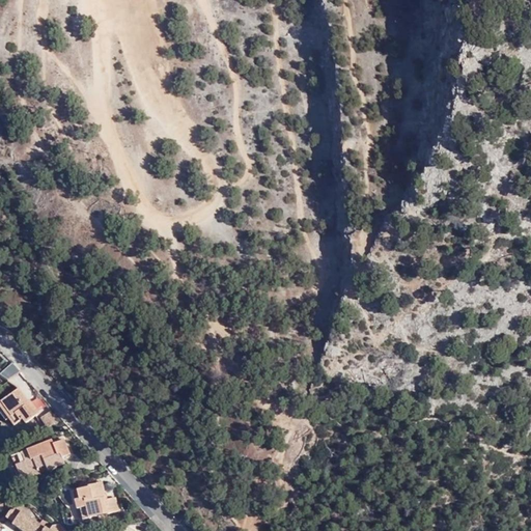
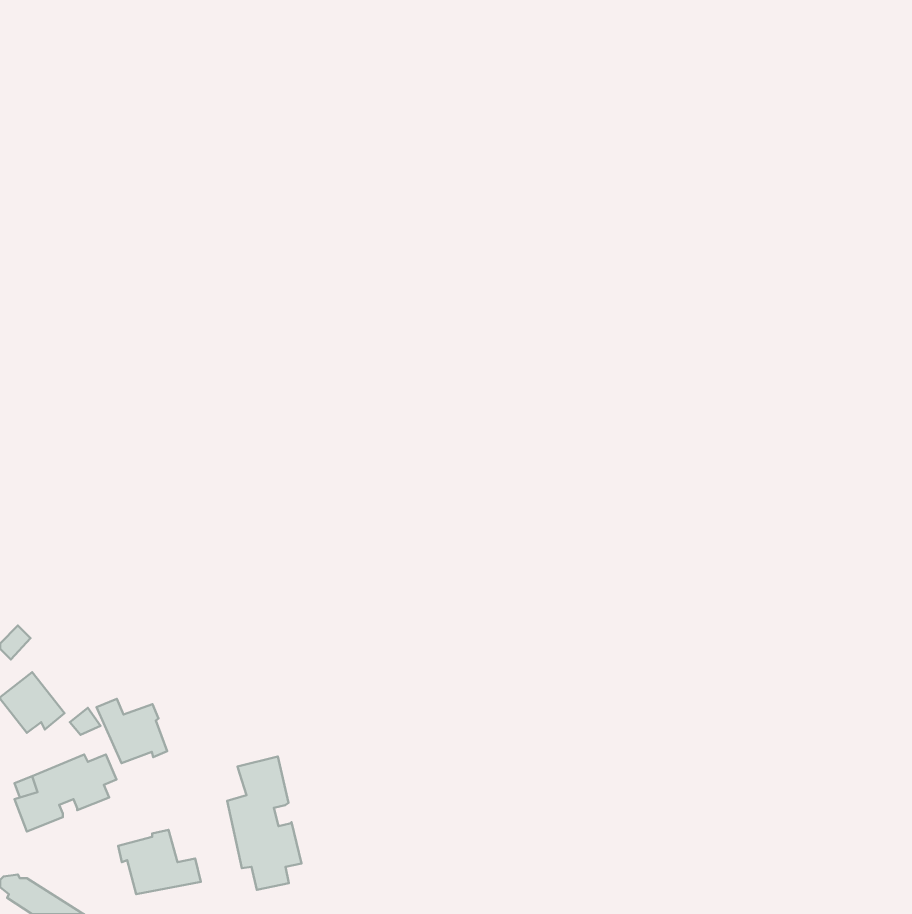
building: none -> [96,699,167,763]
building: none -> [227,757,302,890]

